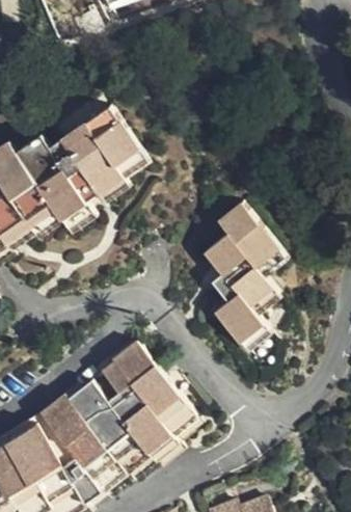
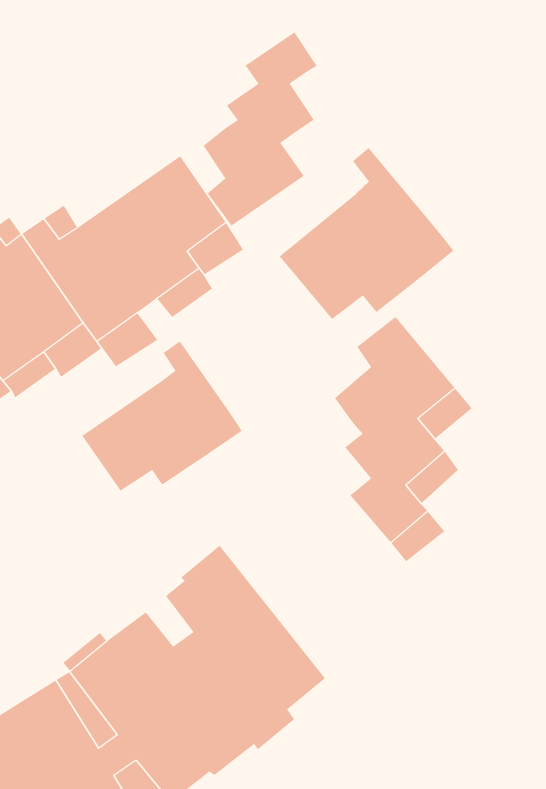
building: none -> [203,32,317,227]
building: none -> [279,147,454,320]
building: none -> [82,341,243,491]

